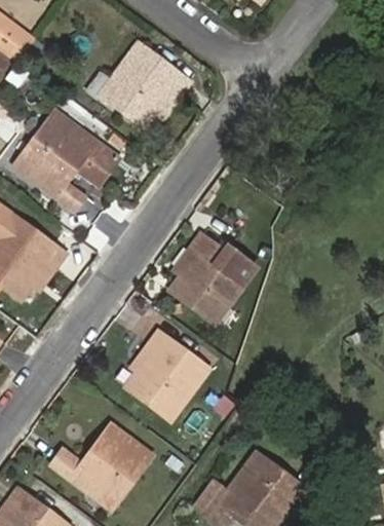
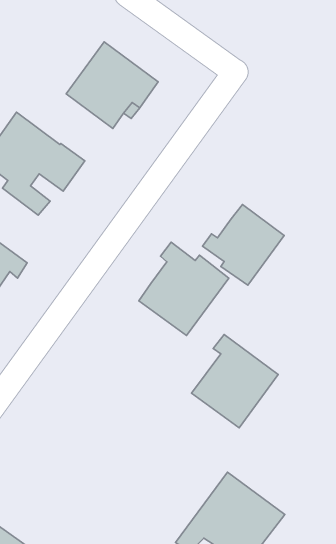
building: none -> [203,205,284,285]
building: [125,331,207,419] -> [192,334,278,428]
building: [51,424,144,509] -> none

